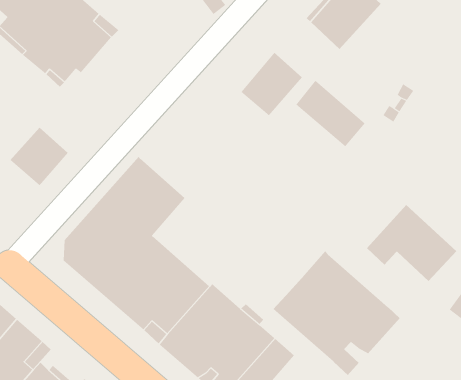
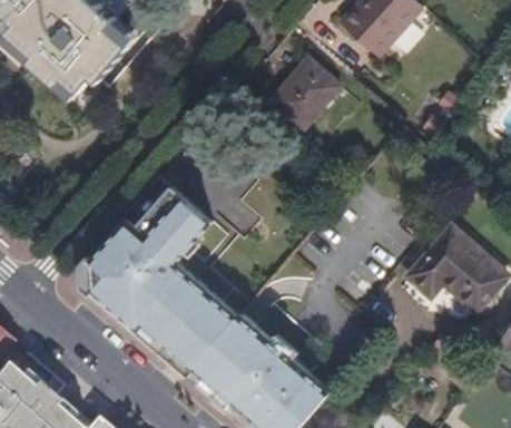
building: [295,80,366,147] -> none
building: [9,127,69,186] -> none
building: [273,250,400,376] -> none

